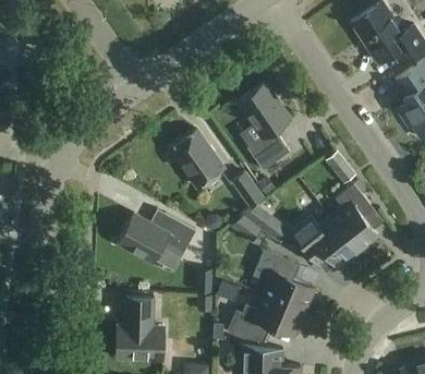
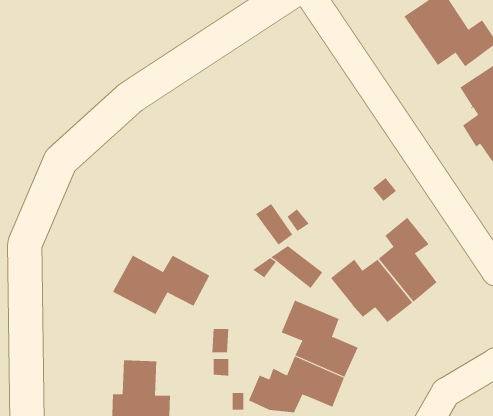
building: [238,83,291,170] -> none
building: [171,130,223,186] -> none

